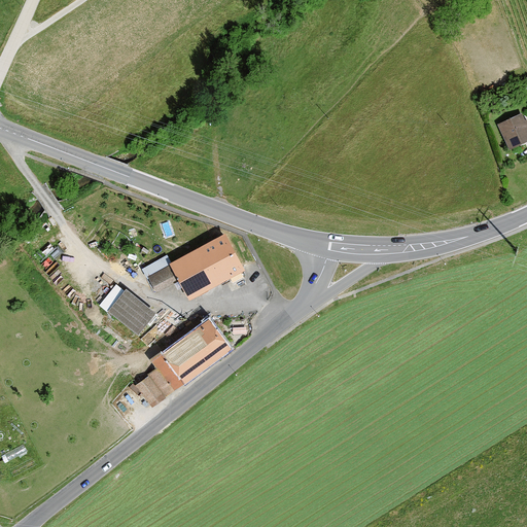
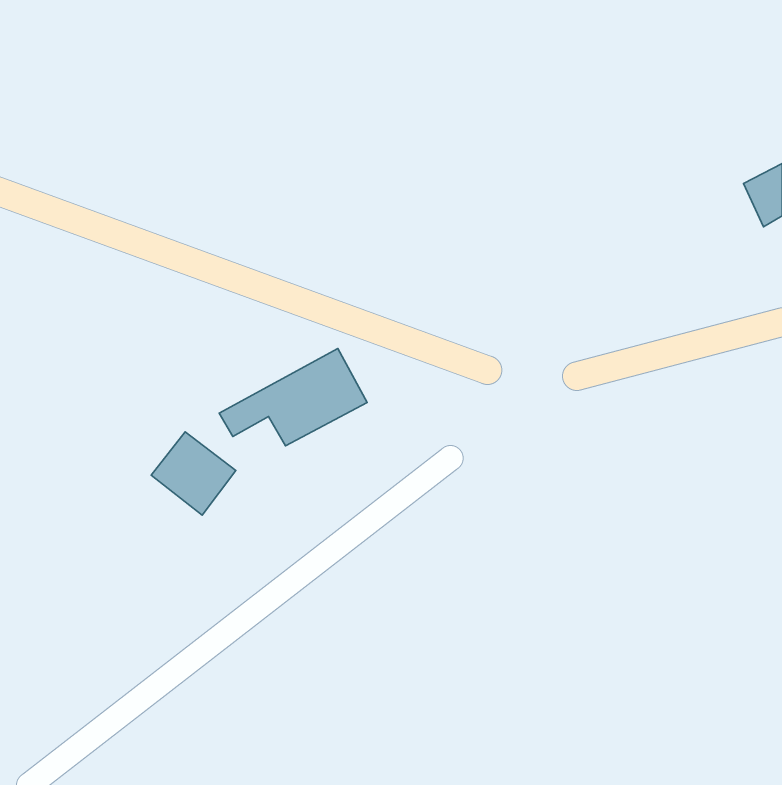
building: [151,316,234,392] -> none
building: [133,373,164,406] -> none

